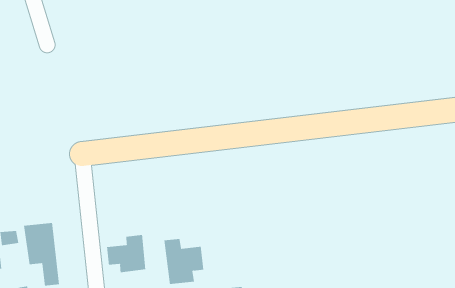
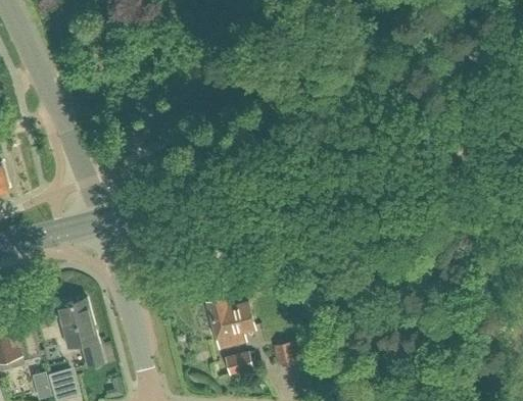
building: [106,234,146,273] -> none

